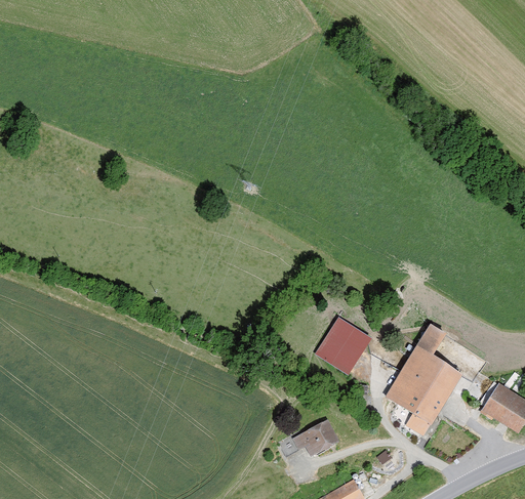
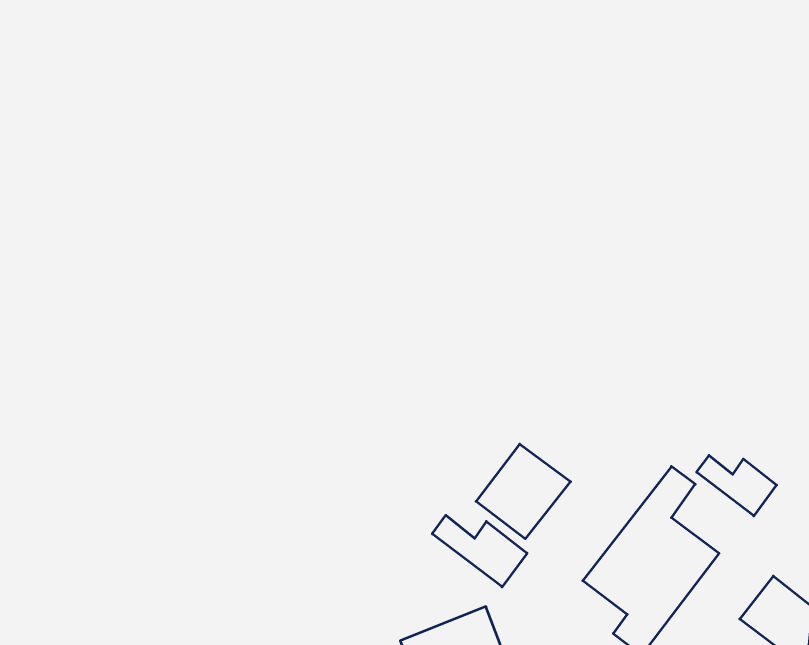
building: none -> [697,455,777,516]
building: none -> [432,515,527,587]

